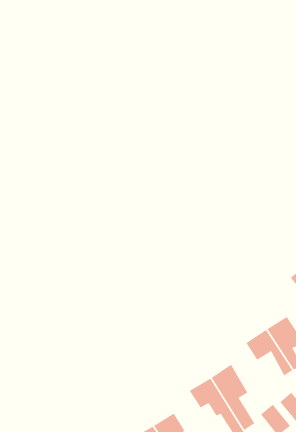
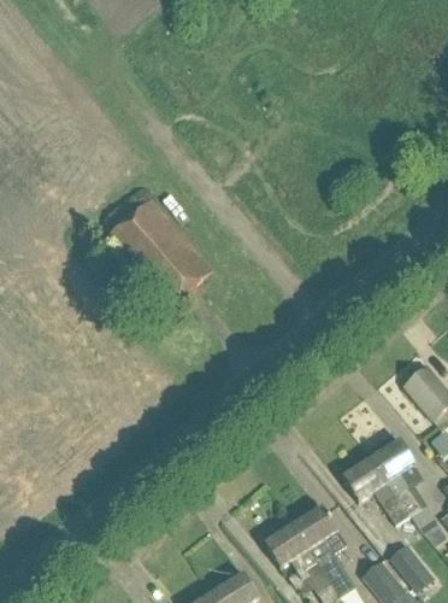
building: none -> [104,198,212,310]

